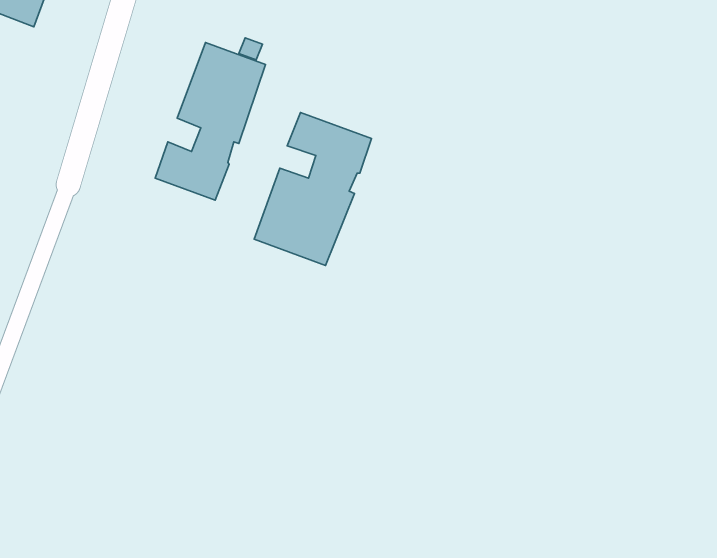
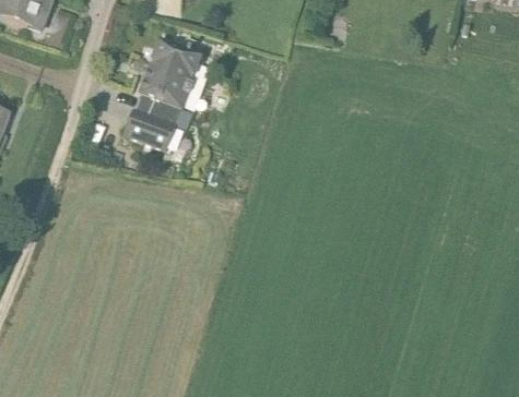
building: [254,112,371,266] -> none

